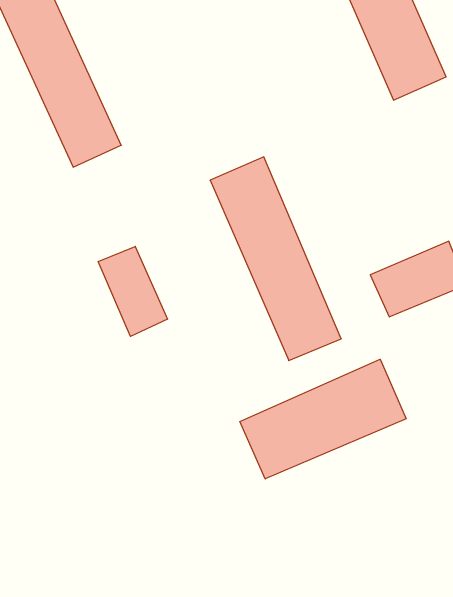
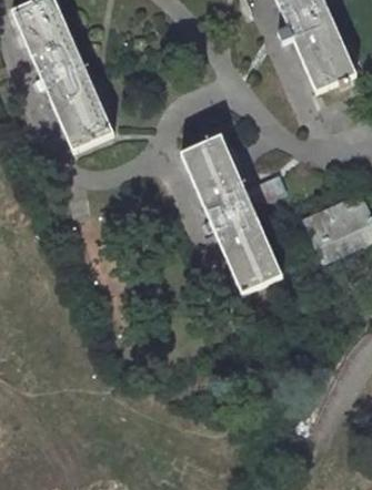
building: [98,246,167,336] -> none
building: [240,359,406,479] -> none

